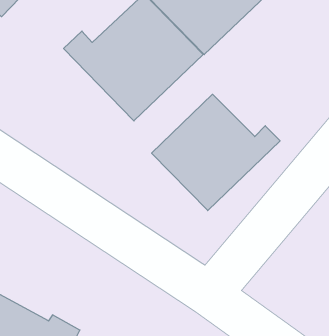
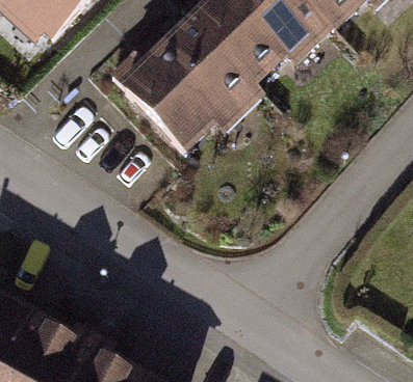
building: [152,94,280,211] -> none

